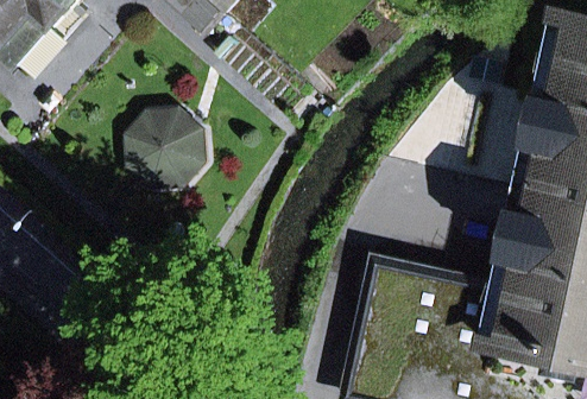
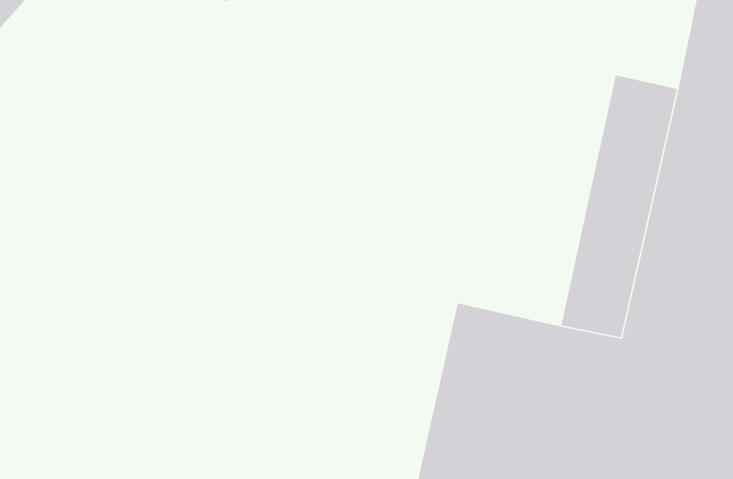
building: [131,102,213,184] -> none

